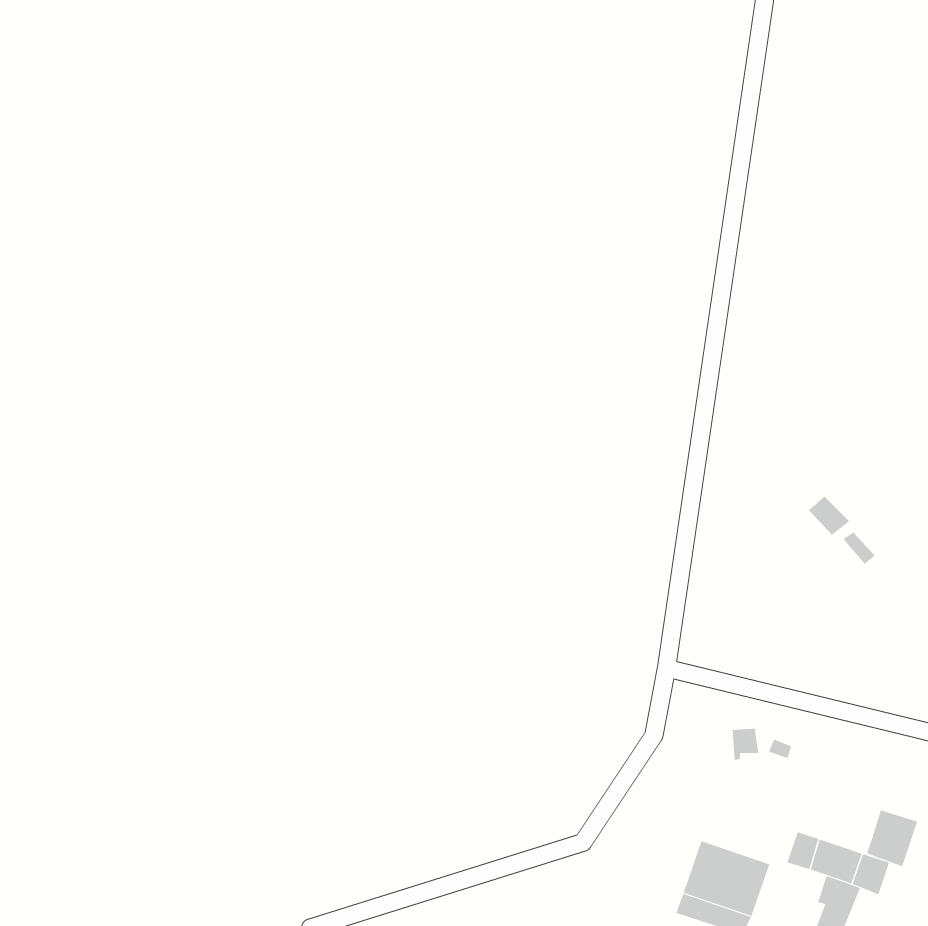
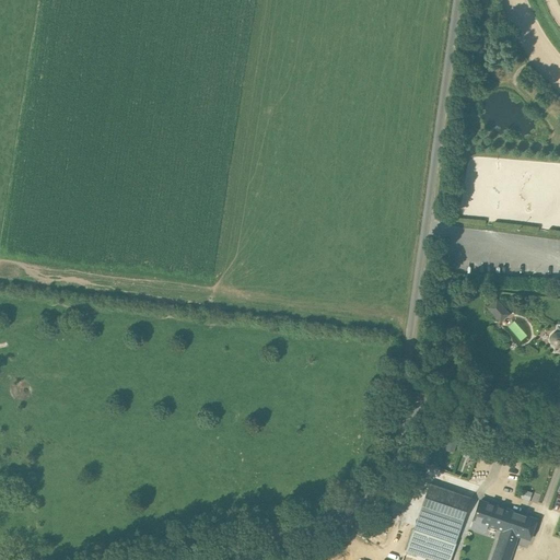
building: none -> [422,485,471,522]
building: [867,809,918,867] -> none

